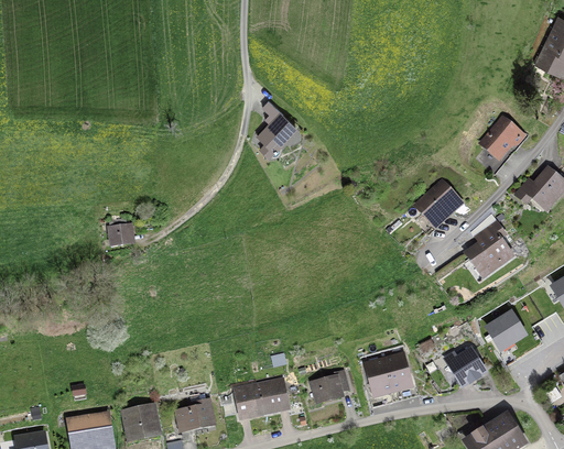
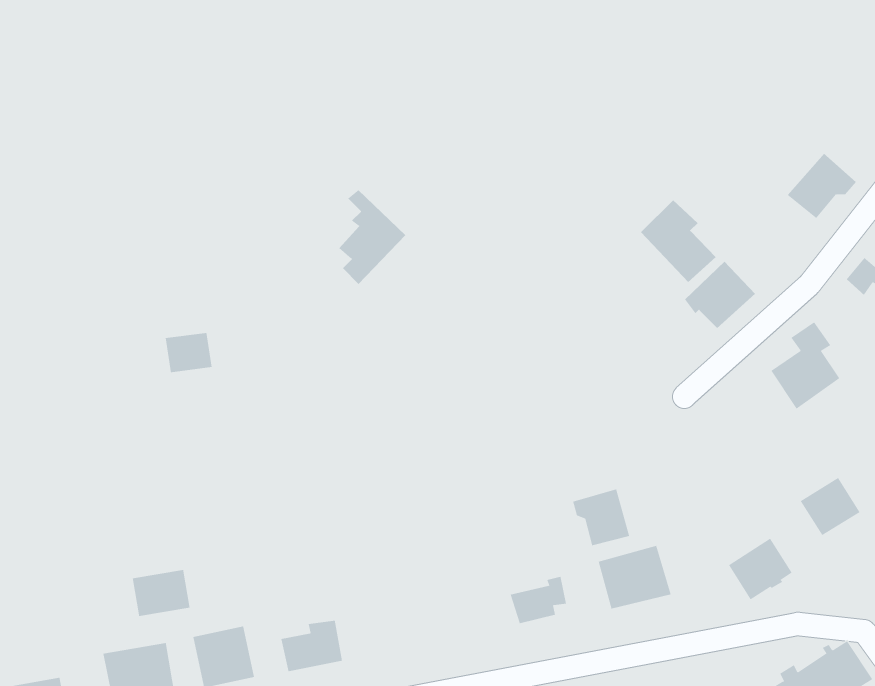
building: [257,101,297,158] -> [338,189,406,285]
building: none -> [640,200,717,283]
building: none -> [572,488,630,546]
building: none -> [132,569,190,617]
building: [234,379,288,416] -> none

